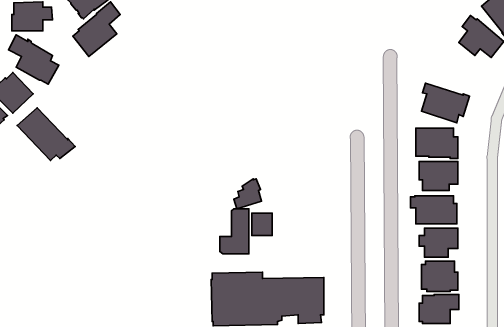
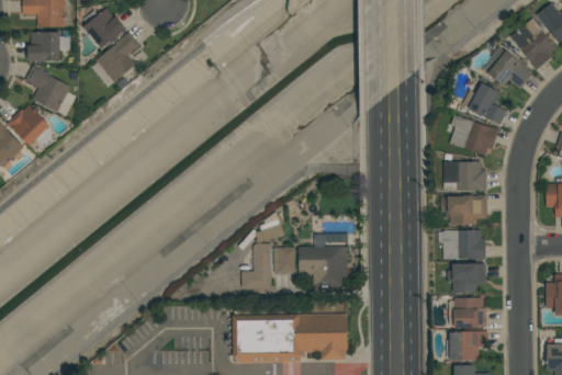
building: none -> [461,82,507,125]
building: [17,108,75,161] -> none
building: none -> [299,234,348,287]

